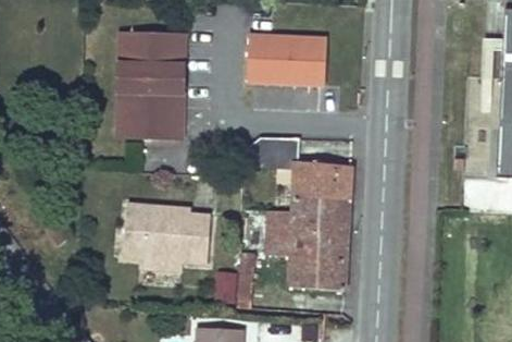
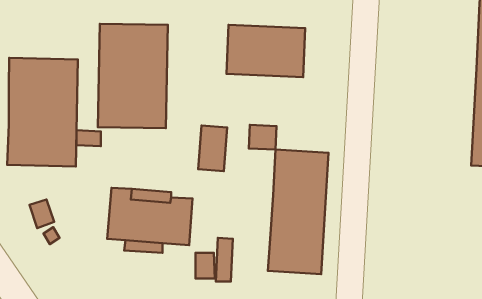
building: none -> [7,58,78,166]
building: [266,207,296,254] -> [198,125,227,171]

